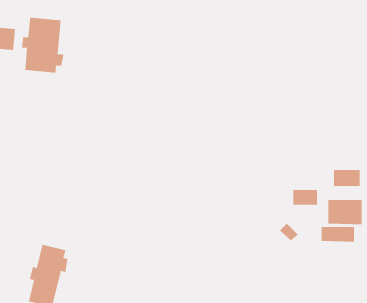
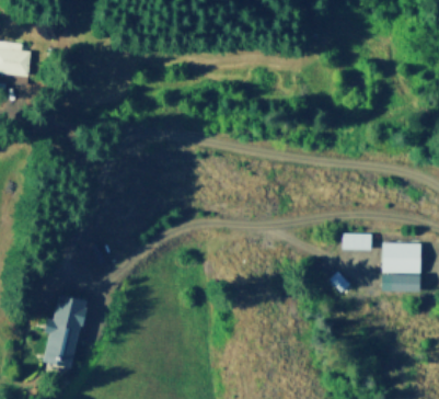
building: [21,17,64,73] -> none
building: [333,169,360,187] -> none

